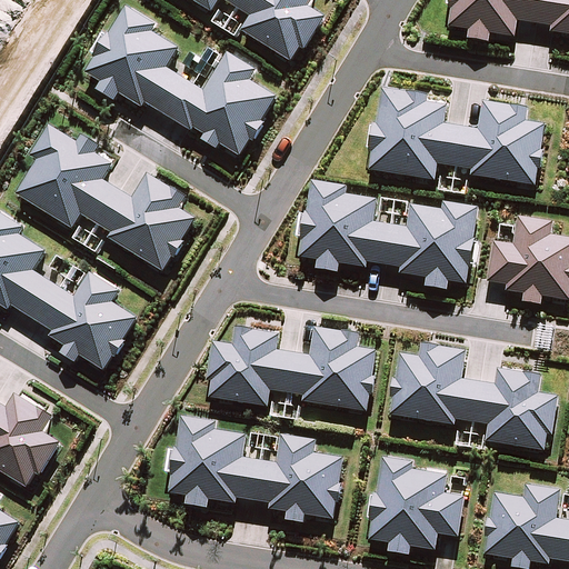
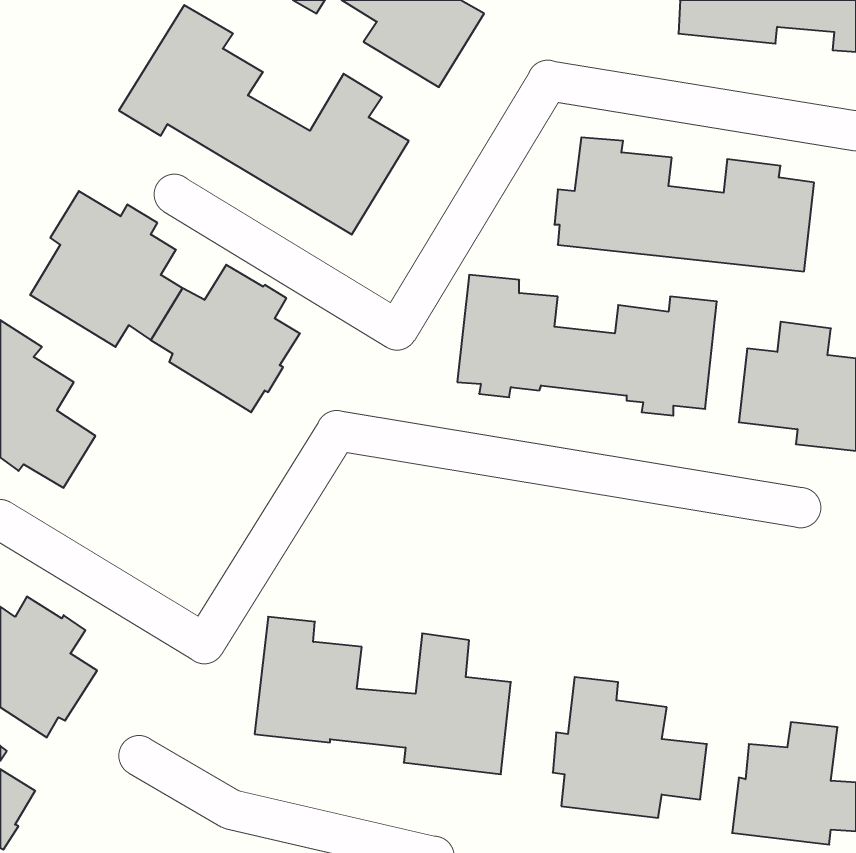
building: [42,276,141,375] -> none
building: [207,325,370,407] -> none
building: [392,347,556,442] -> none

